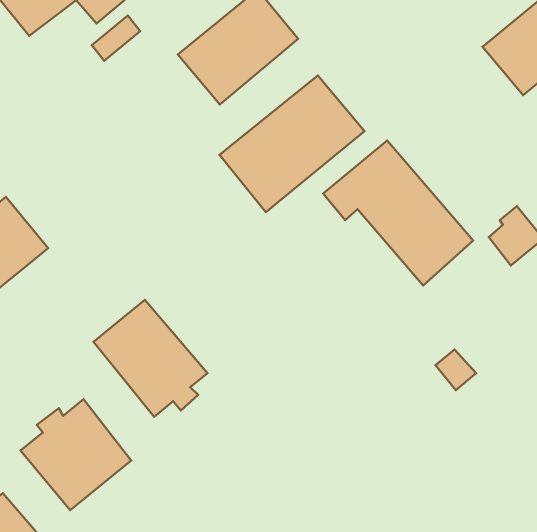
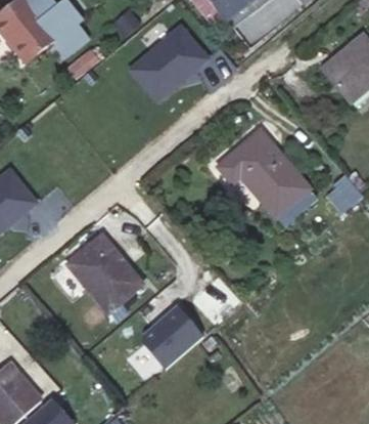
building: [220,76,364,212] -> none
building: [21,399,131,510] -> none
building: none -> [143,307,203,370]

